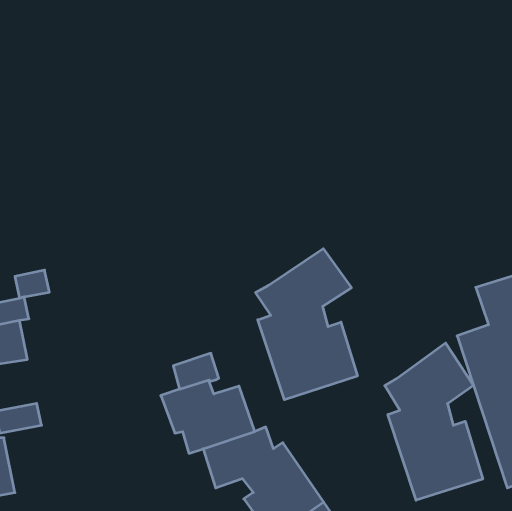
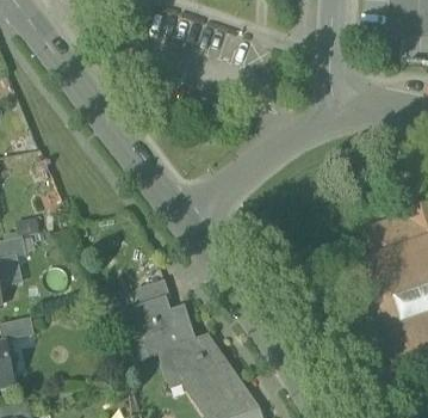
building: [256,249,357,400] -> none
building: [385,343,483,500] -> none

